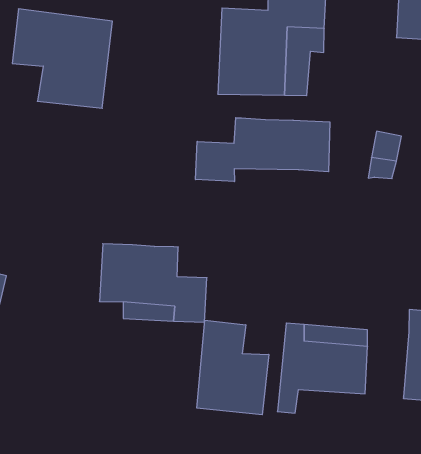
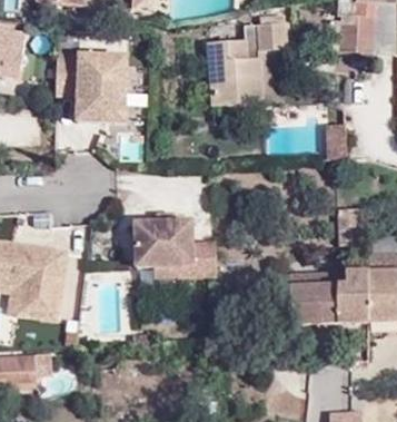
building: [196,118,330,182] -> none
building: [197,320,269,415] -> none
building: none -> [338,271,368,320]

